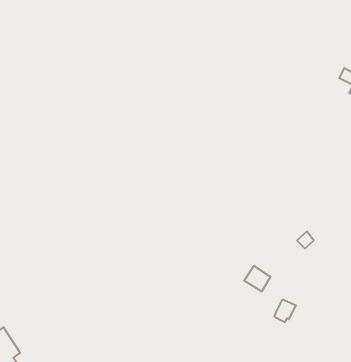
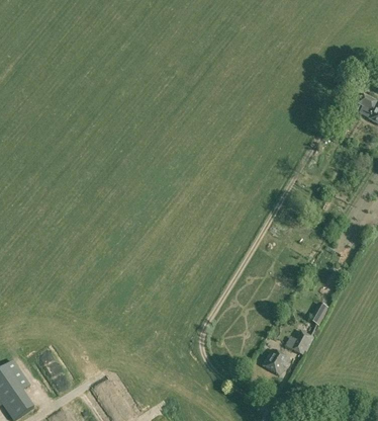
building: [244,266,271,291] -> [262,348,289,374]

